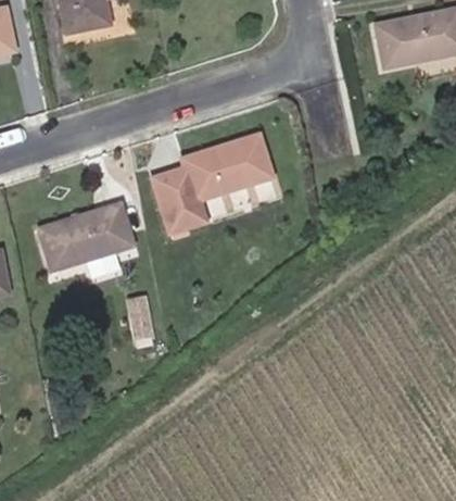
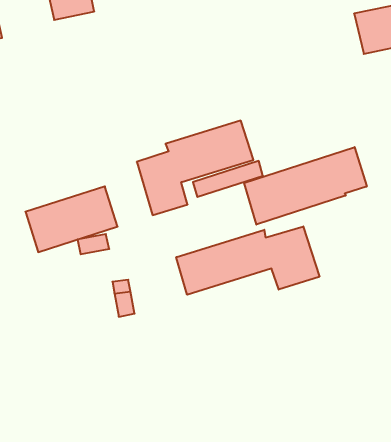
building: none -> [244,147,367,225]
building: none -> [176,226,319,295]

